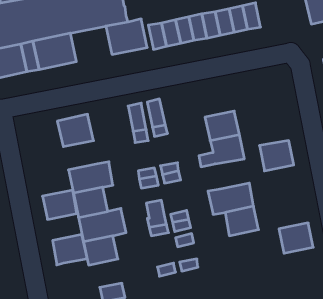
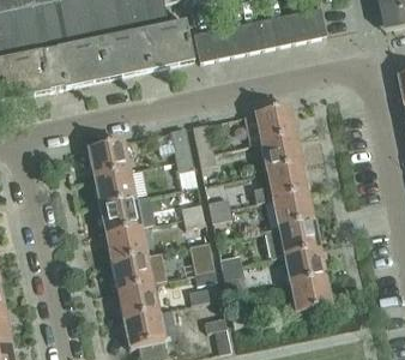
building: none -> [101,35,150,77]
building: none -> [241,104,295,144]
building: [259,141,294,171] -> [272,192,313,228]
building: [42,190,77,219] -> [92,170,133,205]
building: [279,223,313,253] -> [289,276,330,312]
building: [53,235,87,265] -> [122,311,163,347]

